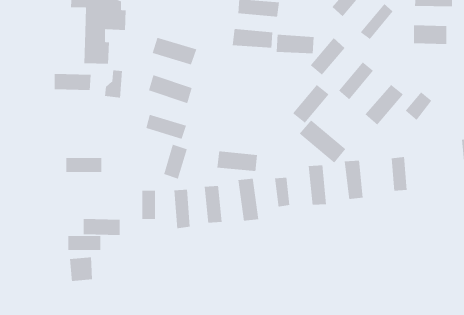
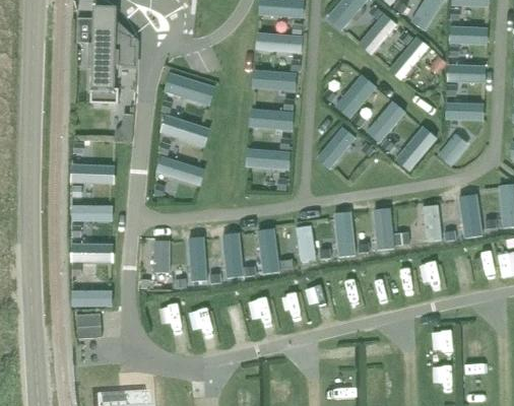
building: [276,34,314,54] -> [250,109,292,130]
building: none -> [445,100,486,119]
building: [54,73,91,90] -> [72,164,113,183]
building: [299,119,346,163] -> none
building: none -> [460,188,480,232]
building: [163,144,187,180] -> none
building: [217,151,258,172] -> [245,146,290,168]
building: [83,219,120,236] -> [70,244,111,262]

